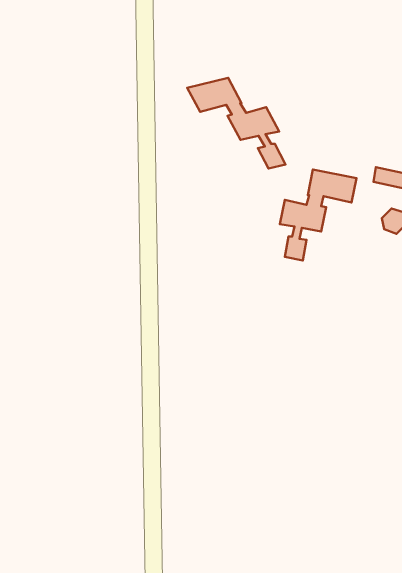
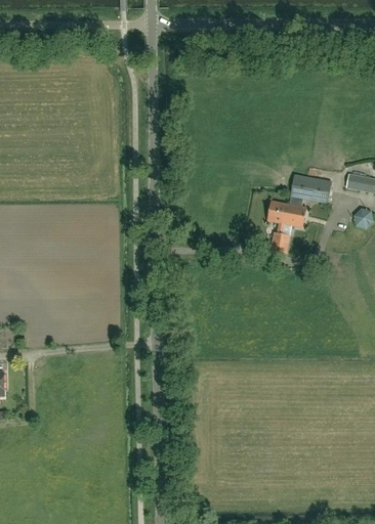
building: [187,78,285,169] -> none

